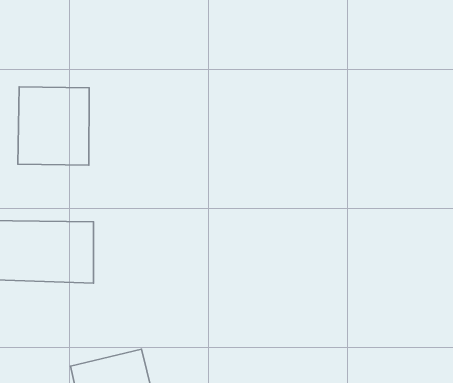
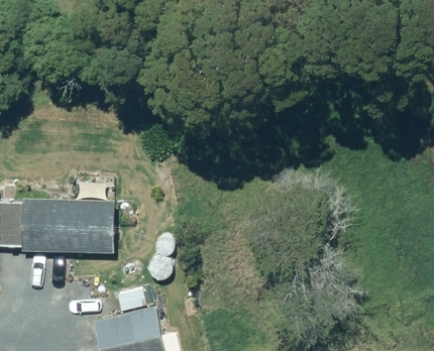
building: [18,87,89,165] -> none

